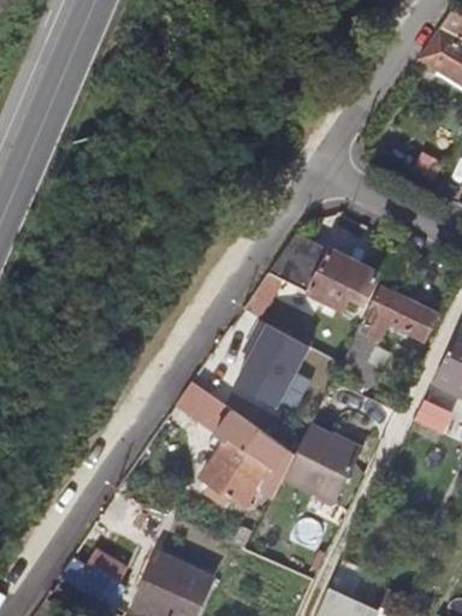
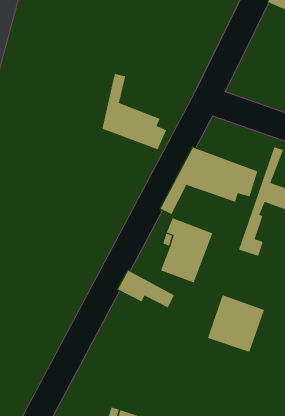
building: none -> [102,73,167,150]
building: [202,433,273,504] -> none

